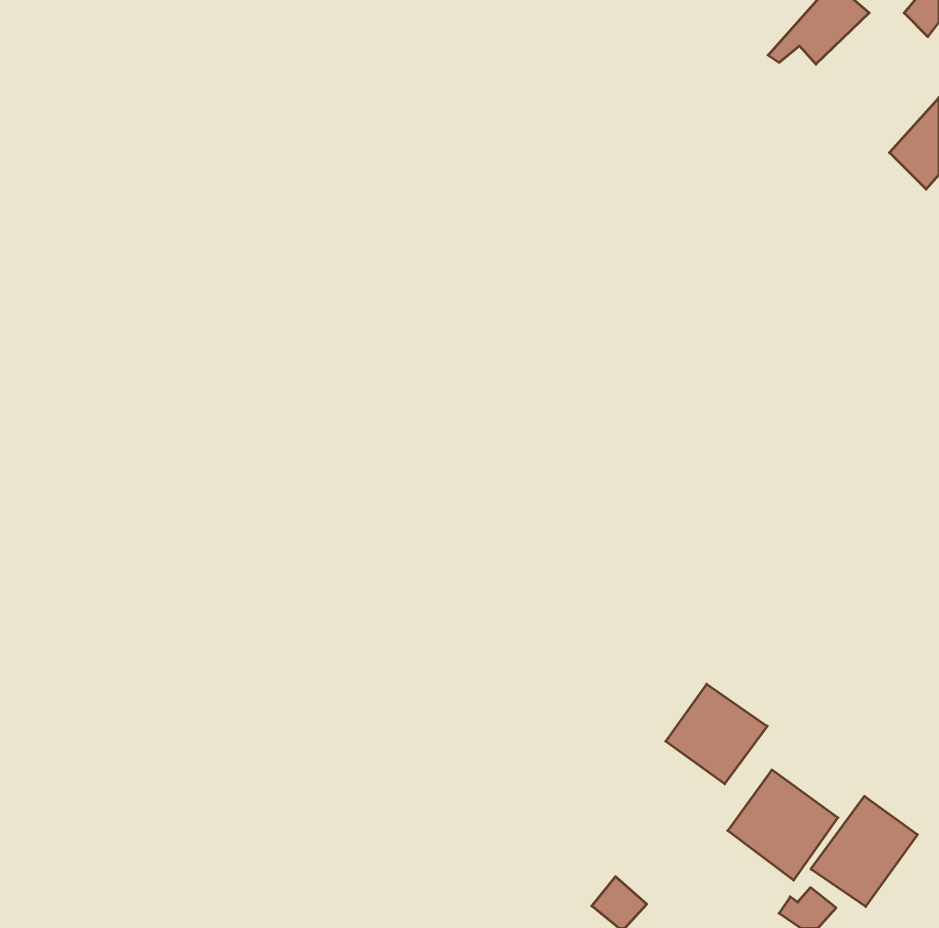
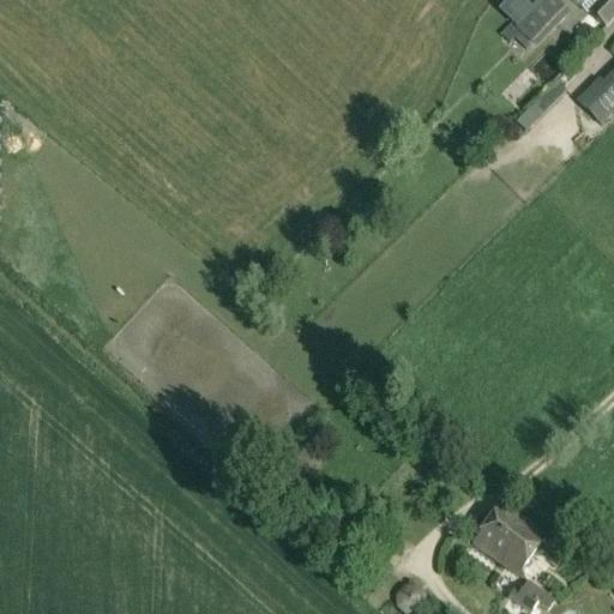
building: [666,684,767,784] -> none
building: [811,796,917,907] -> none

